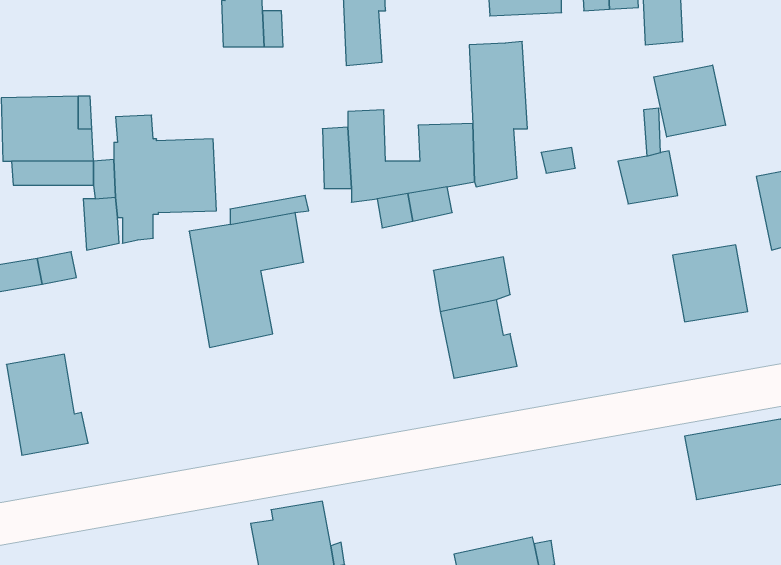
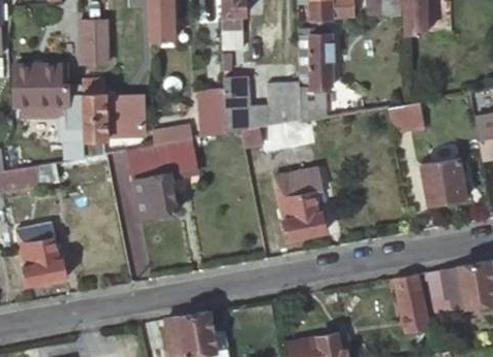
building: none -> [83,22,105,64]
building: [654,65,726,137] -> none
building: none -> [394,274,426,326]

